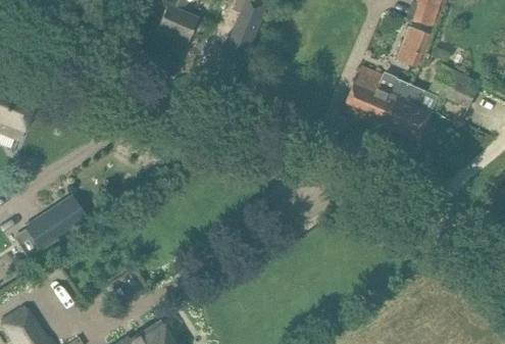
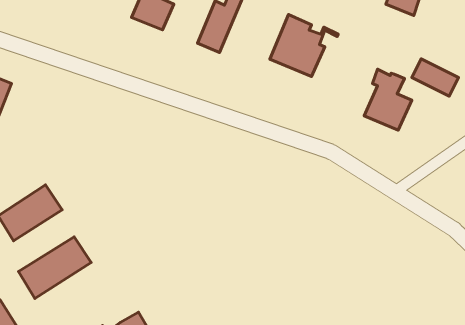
building: [396,26,431,67] -> none
building: [344,65,411,127] -> [270,15,338,77]
building: none -> [19,237,91,299]

